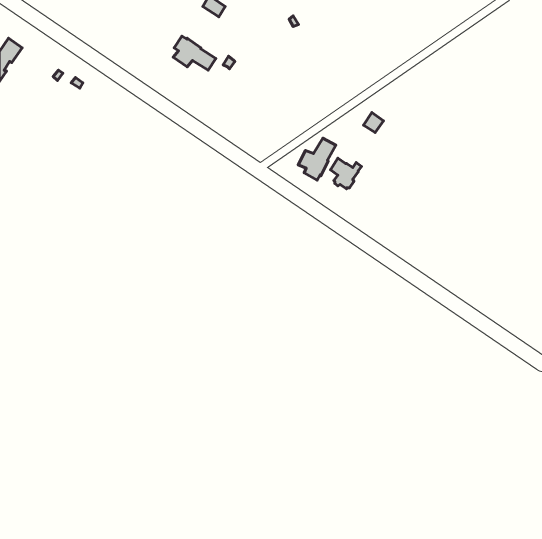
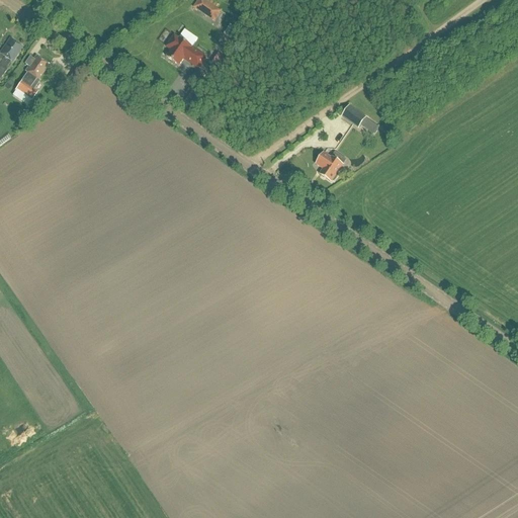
building: none -> [15,55,48,97]
building: [298,138,336,180] -> none

